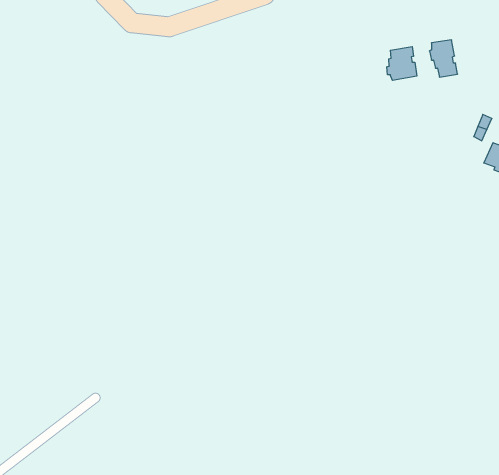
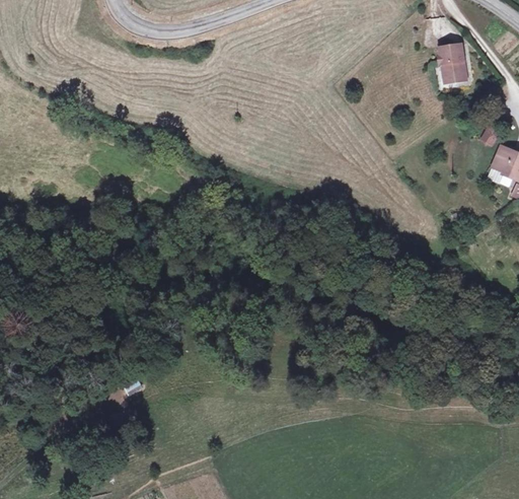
building: [387,47,417,80] -> none

